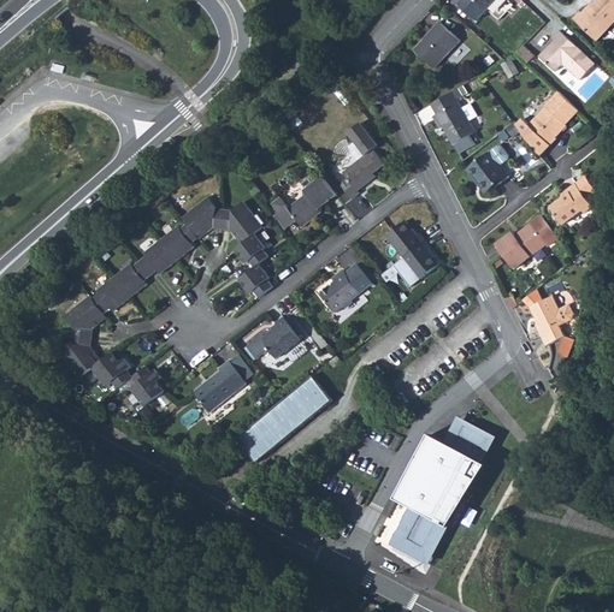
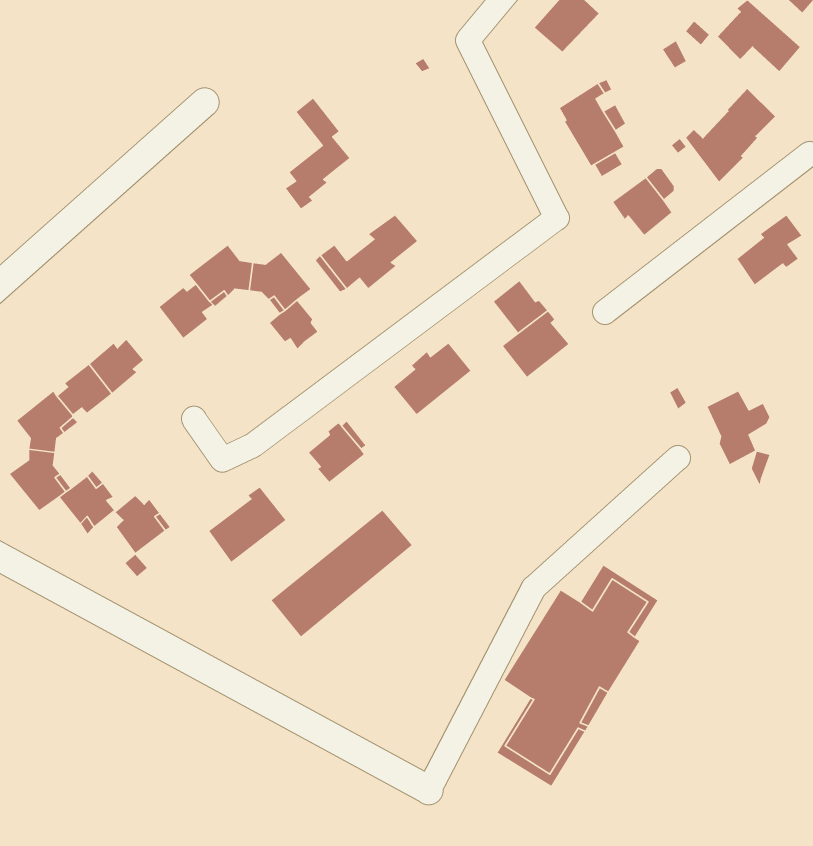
building: [338,123,383,198] -> [285,98,351,210]
building: [495,216,556,268] -> none
building: [137,239,176,275] -> none
building: [237,263,271,297] -> none

